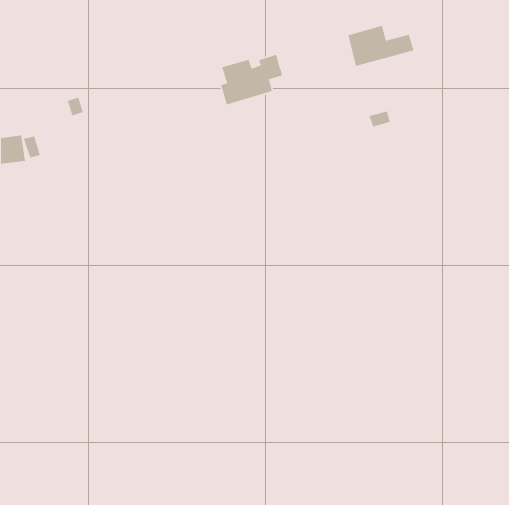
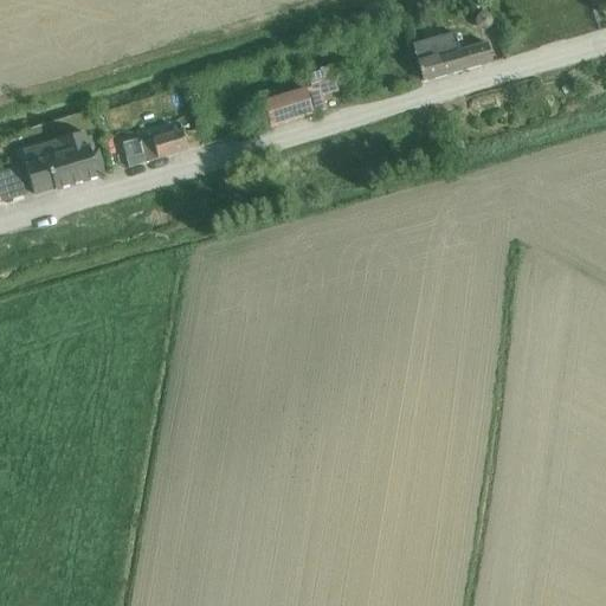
building: none -> [121,127,201,166]
building: none -> [46,142,103,187]

